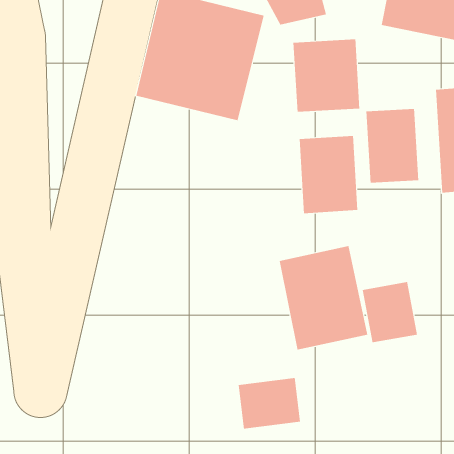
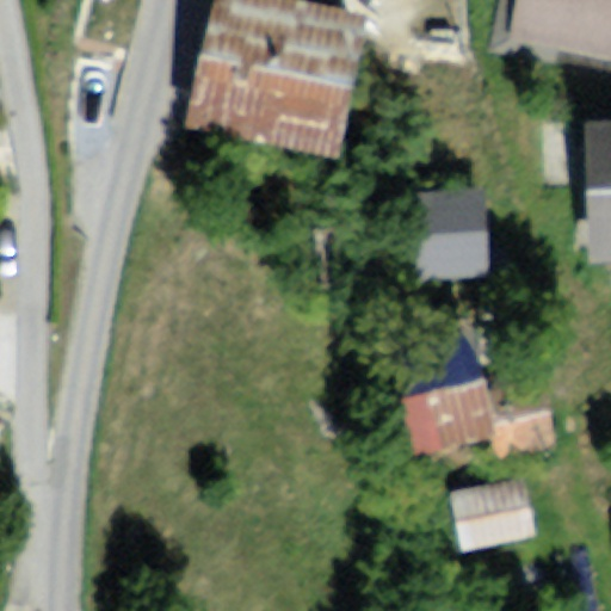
building: [293,39,360,113] -> none
building: [366,108,419,183] -> none
building: [238,378,301,429] -> [462,480,545,548]

